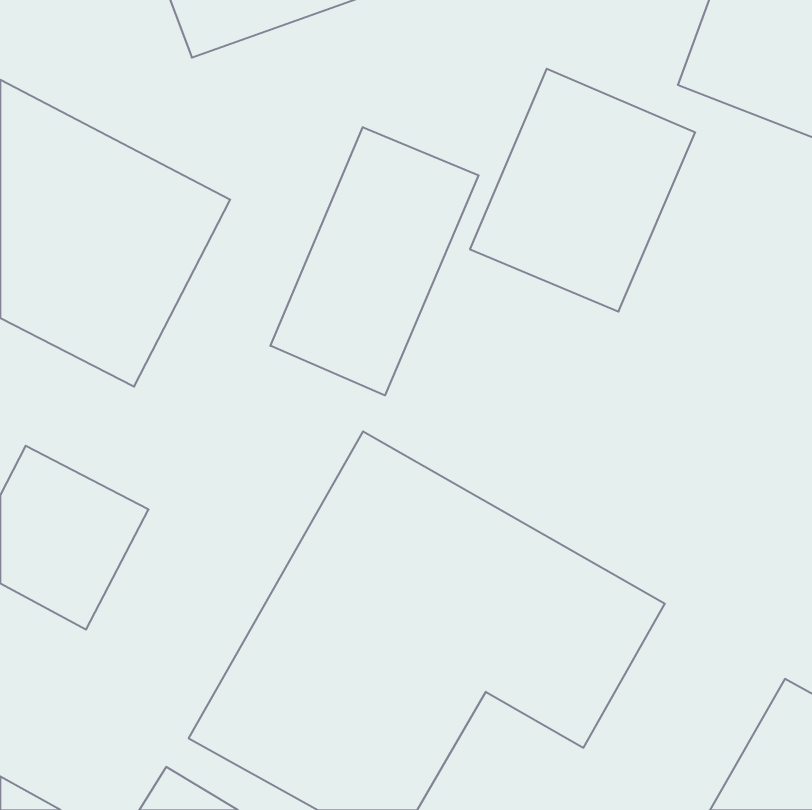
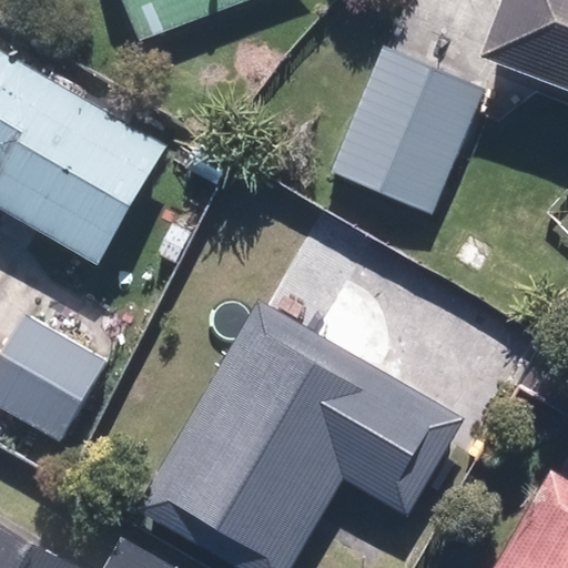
building: [270,127,479,395] -> none

